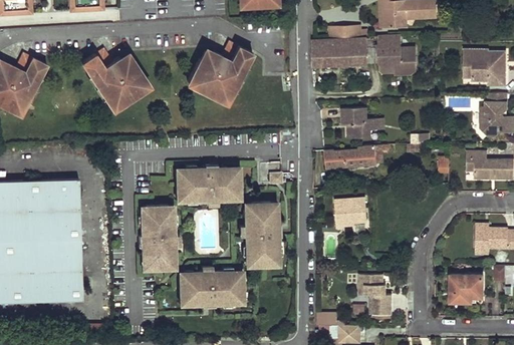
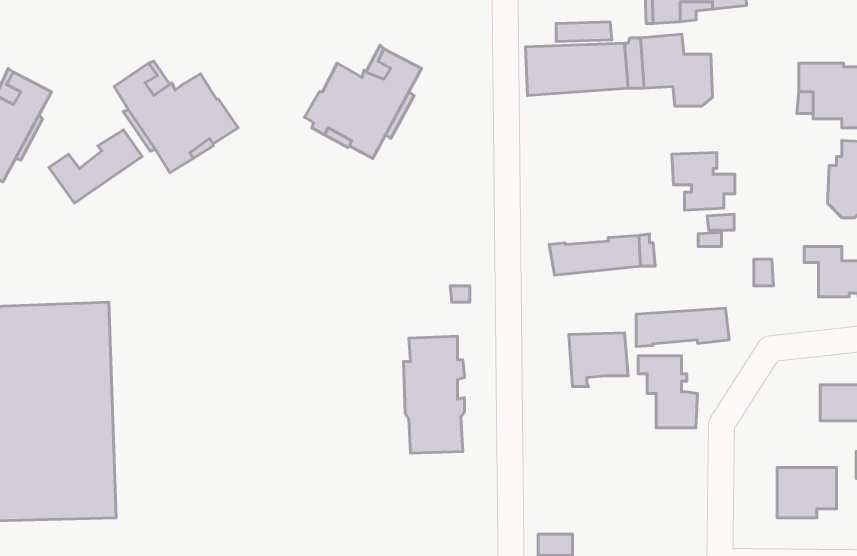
building: none -> [49,130,142,203]
building: [343,107,378,139] -> [672,152,735,210]
building: [176,166,240,201] -> none
building: none -> [636,308,729,347]
building: [141,205,175,270] -> none
building: [179,271,243,305] -> none
building: [361,275,395,315] -> [638,356,698,428]

